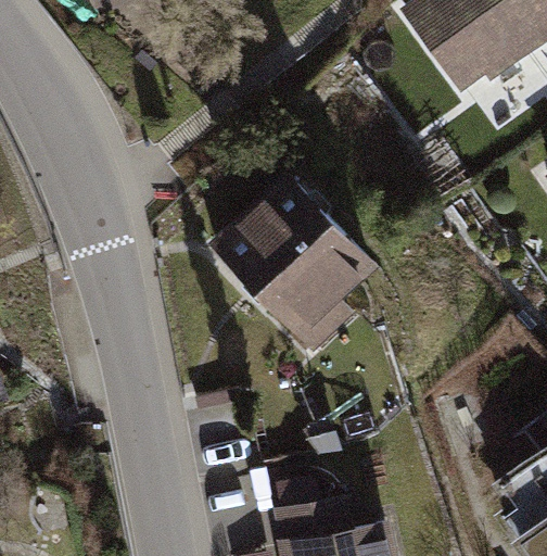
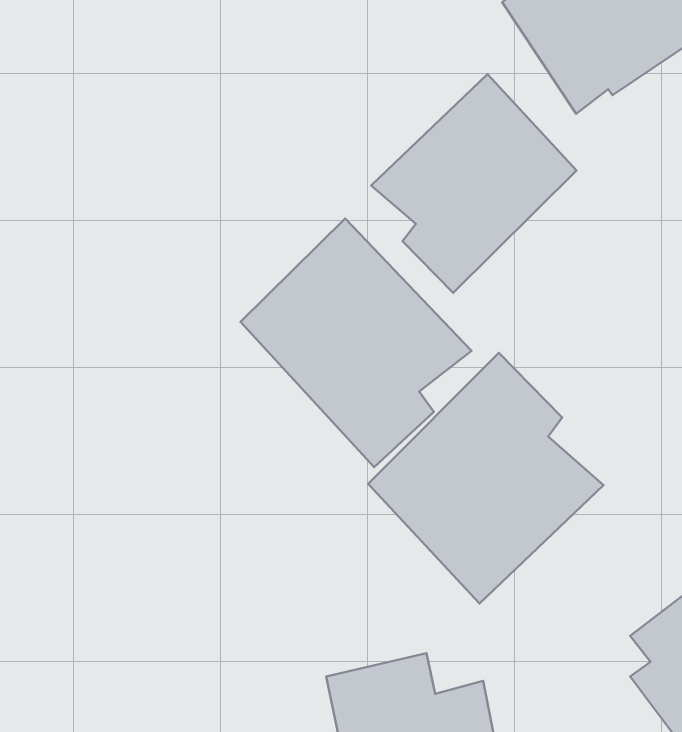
building: none -> [371,74,577,293]
building: none -> [368,353,604,603]

